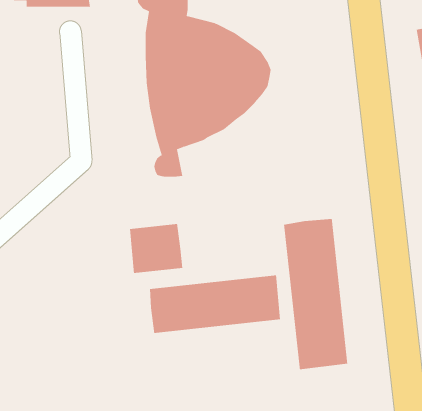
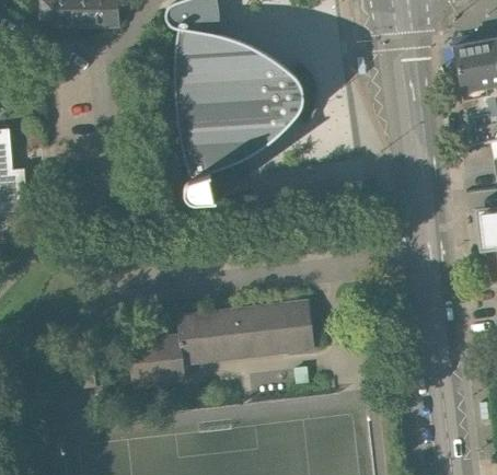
building: [284,218,348,370] -> none
building: [129,224,183,273] -> [130,335,186,386]

